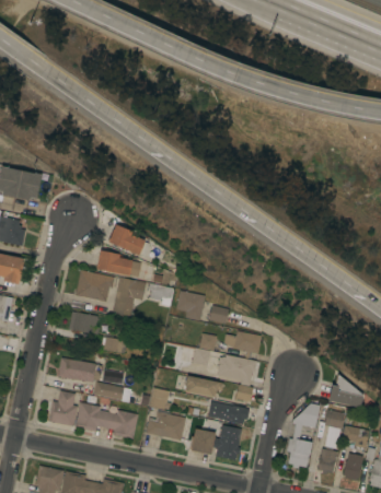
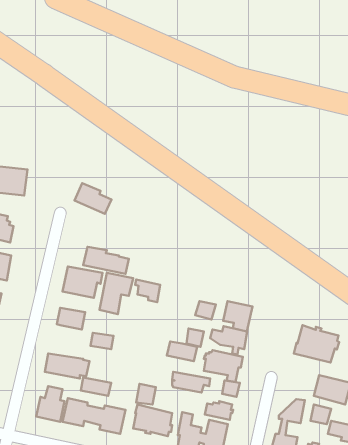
building: [107,225,145,256] -> [74,183,111,214]
building: [175,291,205,321] -> [223,301,252,332]
building: none -> [294,325,339,363]

